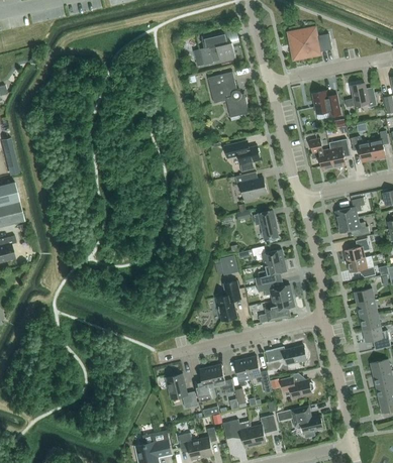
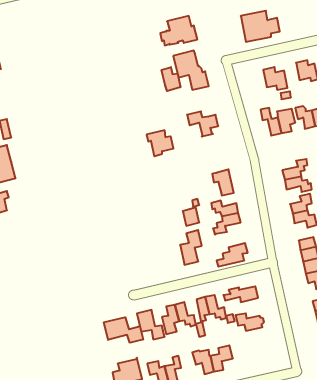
building: none -> [162,67,180,91]
building: [235,171,267,202] -> [147,130,173,156]
building: [257,282,292,301] -> none
building: none -> [104,317,143,343]
building: [291,406,323,438] -> none

